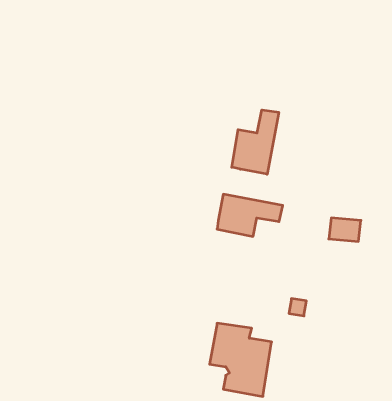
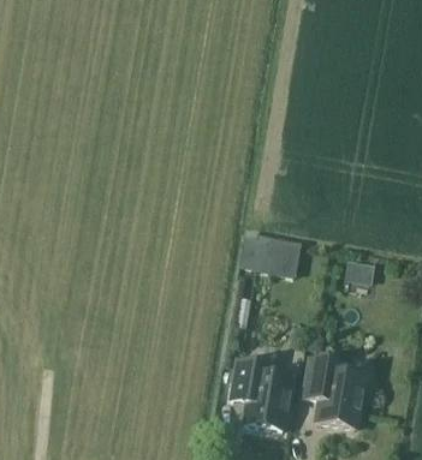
building: [232,110,279,174] -> none
building: none -> [304,357,364,428]

